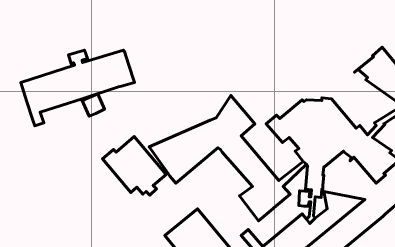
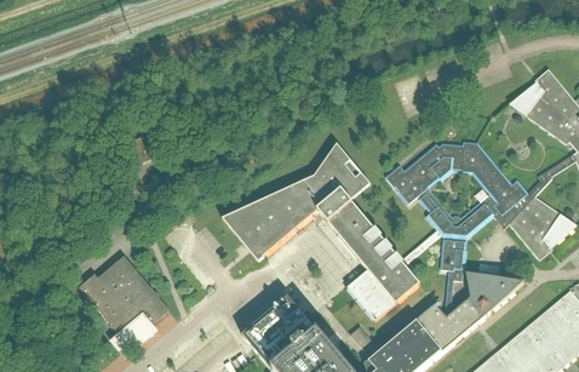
building: [21,50,134,126] -> none
building: [102,137,166,195] -> [80,256,170,338]

